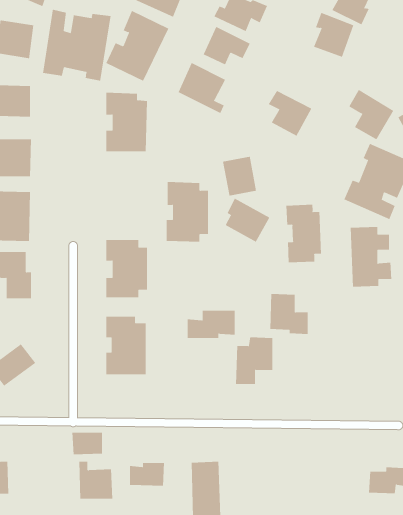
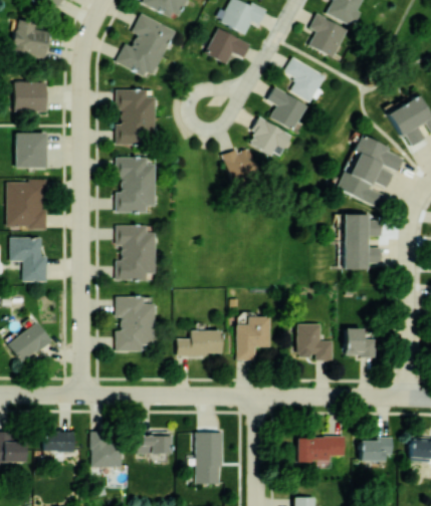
building: [42,9,111,81] -> none
building: [178,62,226,114] -> none
building: [349,89,394,140] -> [284,56,327,103]
building: [166,182,209,242] -> [115,157,155,213]
building: [225,198,270,242] -> [249,117,291,159]
building: [286,204,322,263] -> none
building: [269,293,308,335] -> [297,323,334,361]
building: [187,310,235,338] -> [177,330,222,356]
building: none -> [345,328,377,356]
building: [72,432,103,455] -> [44,432,73,453]
building: none -> [297,438,346,462]

